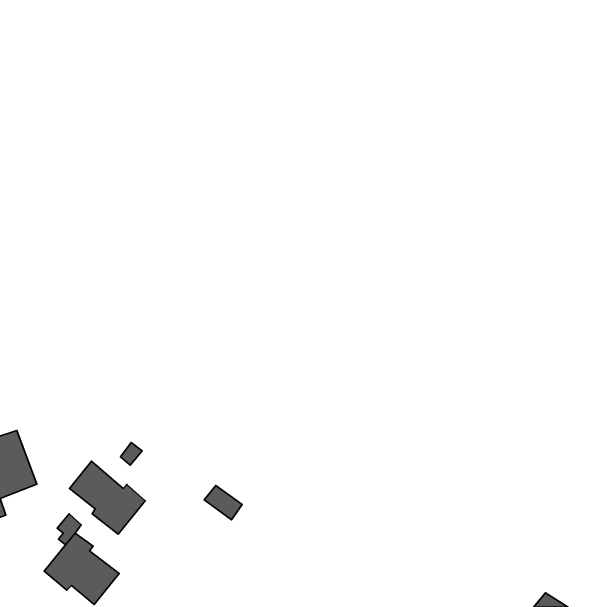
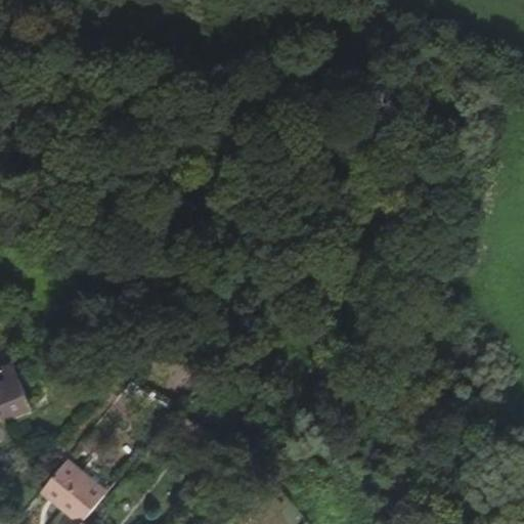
building: [69,461,145,534] -> none

